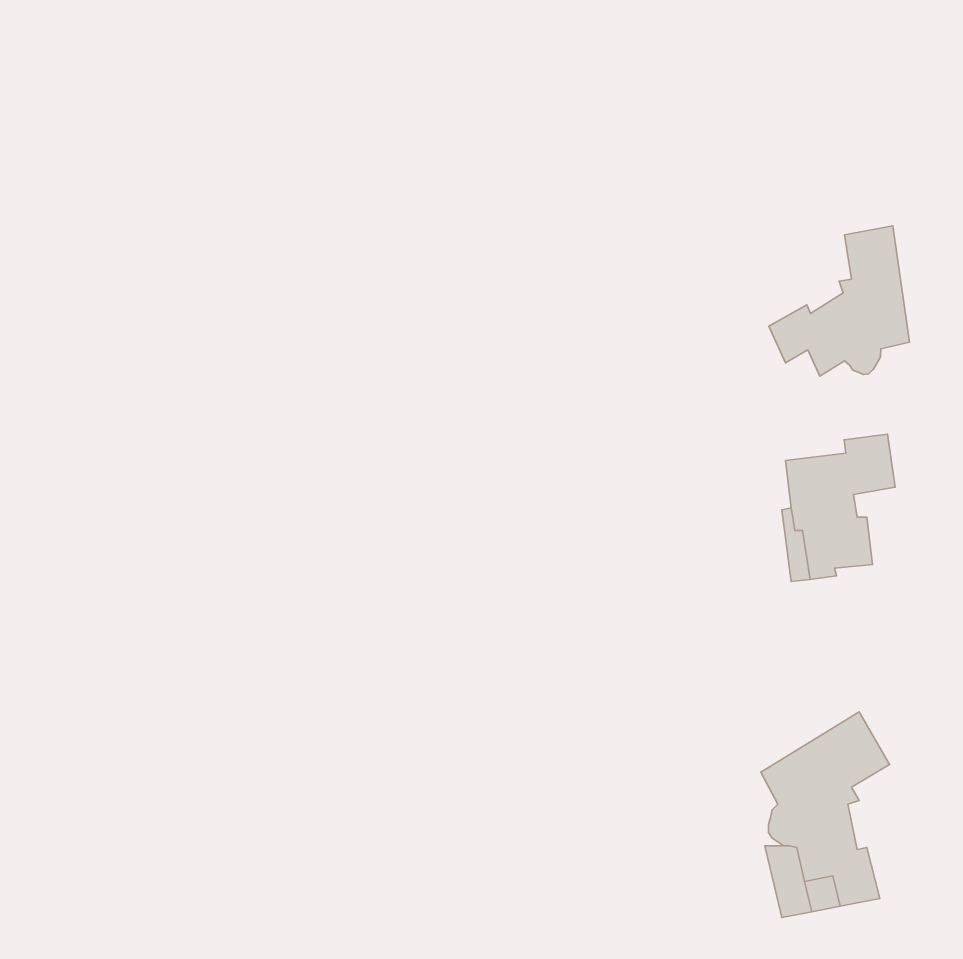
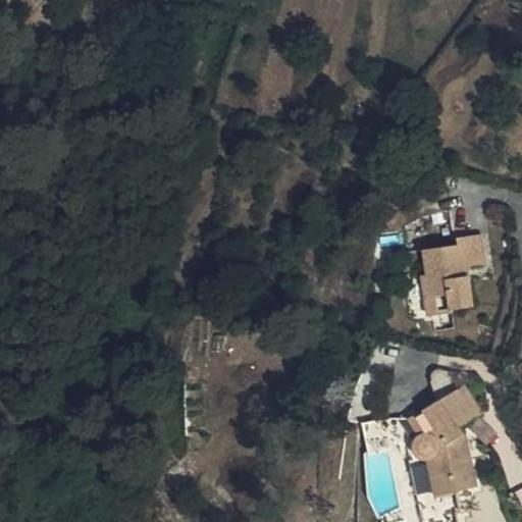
building: [769,226,910,376] -> none

